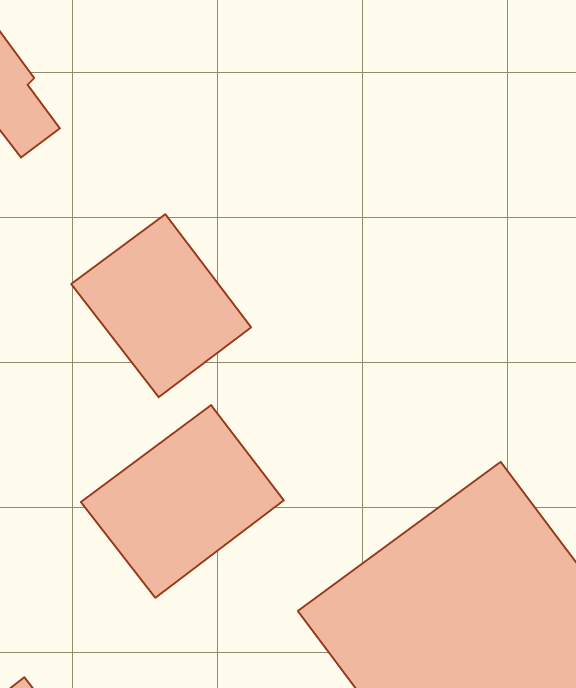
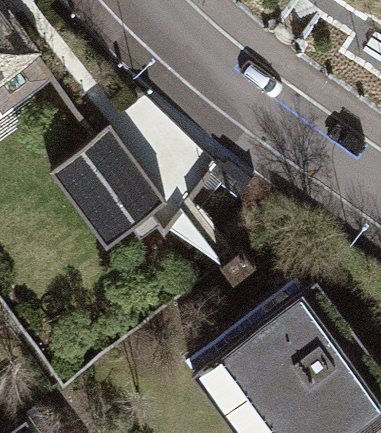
building: [81,405,284,598] -> none

